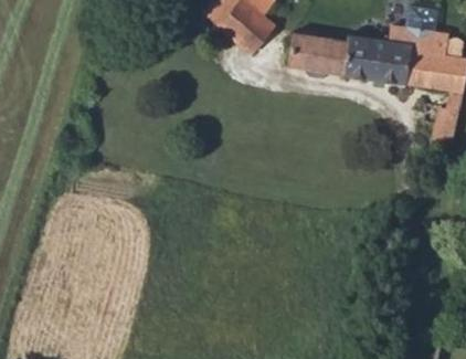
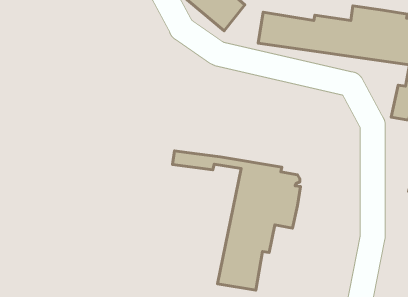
building: none -> [173,151,301,290]

